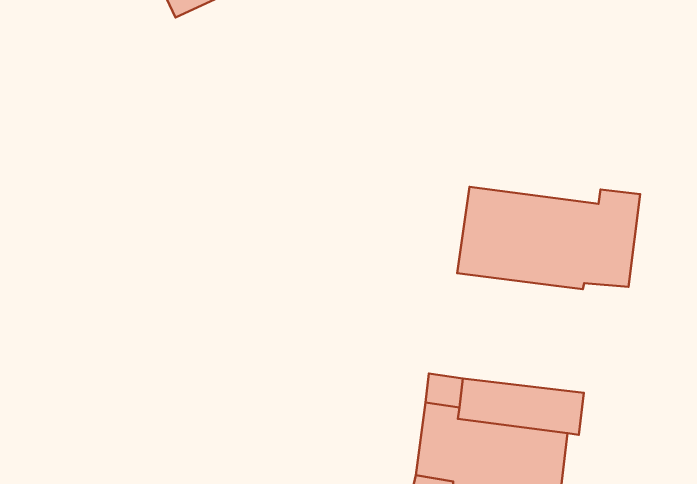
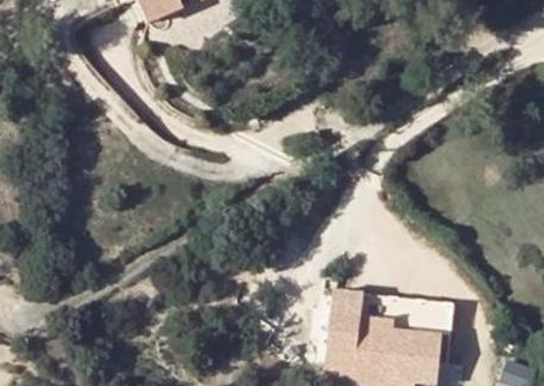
building: [457,187,640,289] -> none

